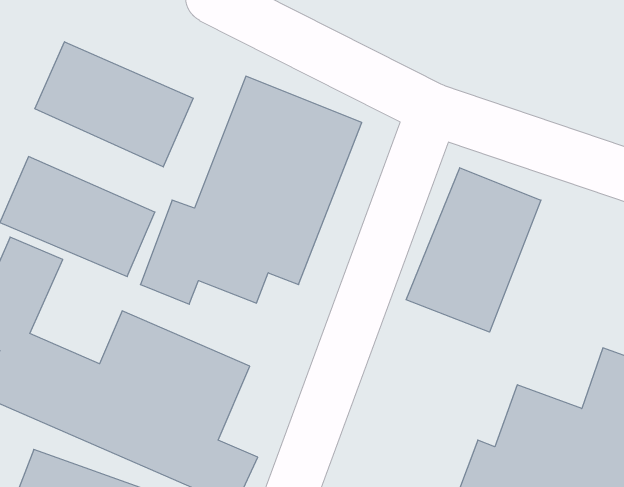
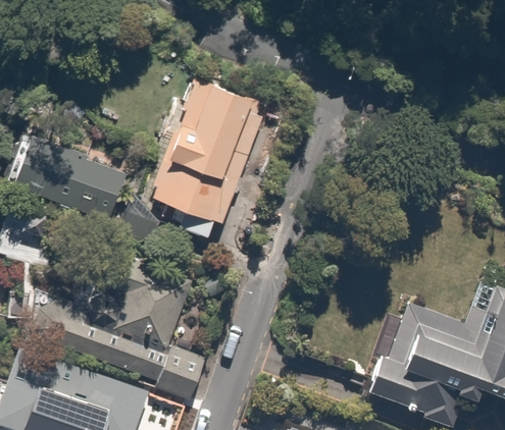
building: [35,42,193,167] -> none
building: [406,168,541,332] -> none

